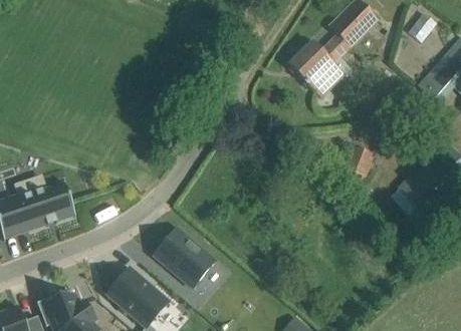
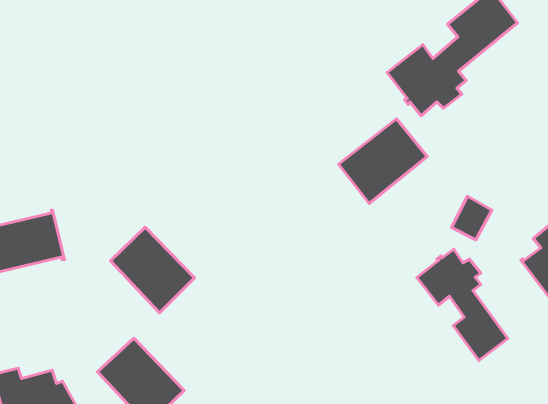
building: none -> [338,119,427,203]
building: none -> [417,249,508,361]
building: [156,230,216,289] -> [111,227,194,313]

